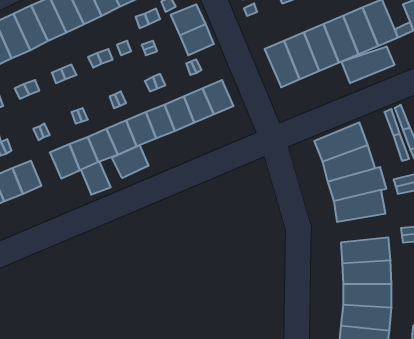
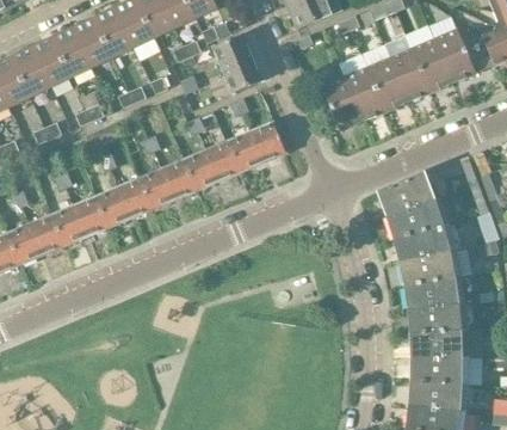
building: [341,46,394,83] -> none
building: [112,145,148,178] -> none
building: [81,161,111,195] -> [51,205,86,244]
building: none -> [404,276,464,309]

